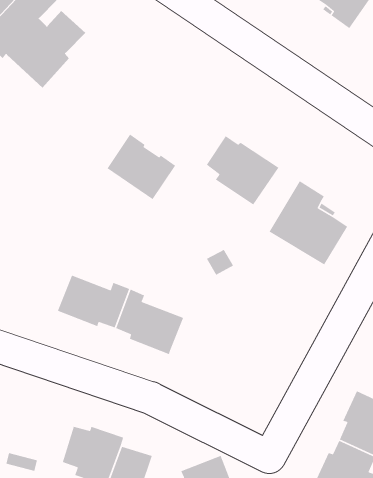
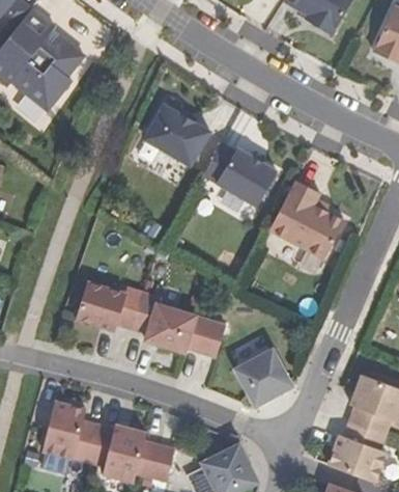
building: [107,134,176,200] -> [145,104,210,165]
building: none -> [186,317,225,358]
building: none -> [236,349,291,405]
building: none -> [42,402,98,461]

